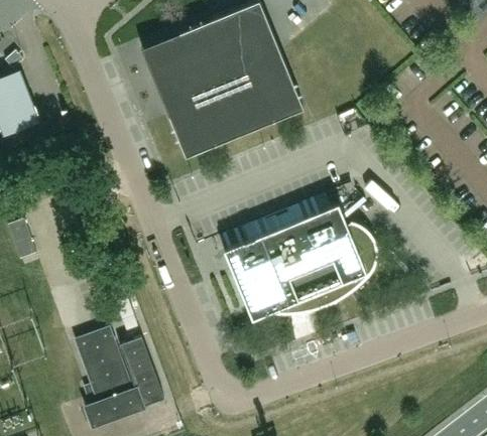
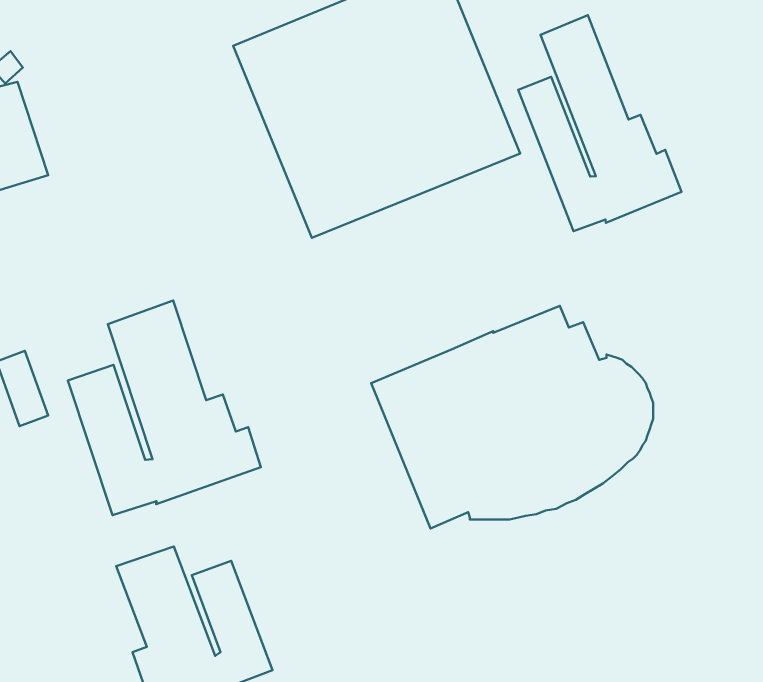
building: none -> [518,15,681,231]
building: none -> [68,301,261,515]

